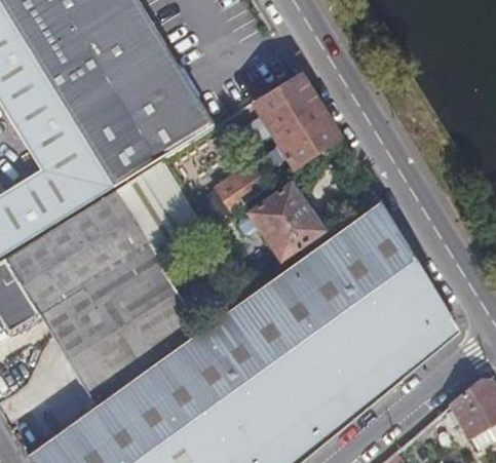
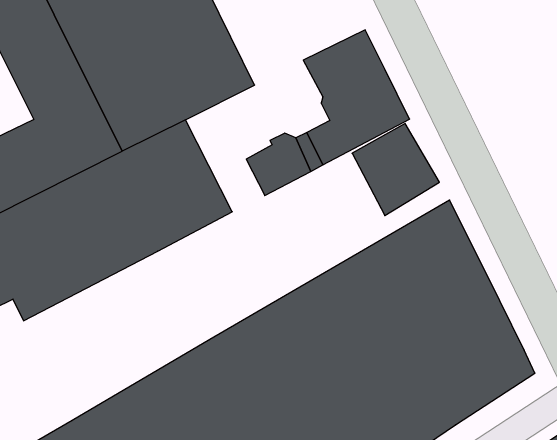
building: [251,185,322,260] -> [352,124,439,216]
building: [48,264,198,406] -> none

